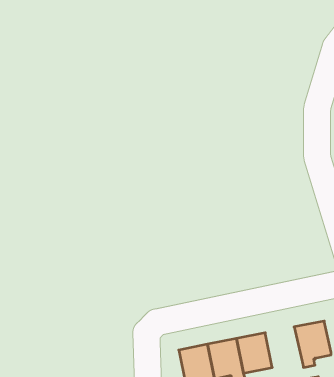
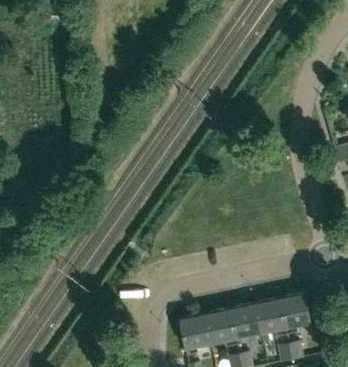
building: none -> [255,299,288,337]

